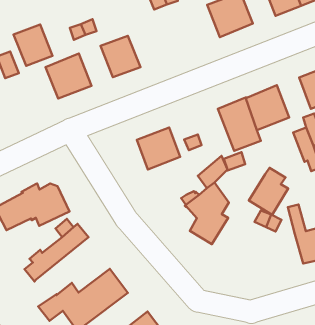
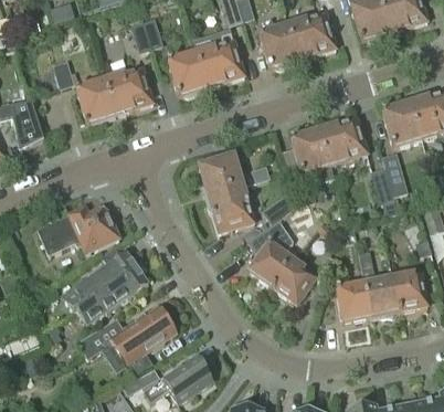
building: none -> [257,23,297,68]
building: none -> [197,40,243,86]
building: [14,25,52,66] -> [74,78,115,123]
building: none -> [208,188,254,232]
building: [249,168,288,215] -> [272,252,316,304]
building: none -> [336,282,370,320]
building: none -> [76,268,148,324]

